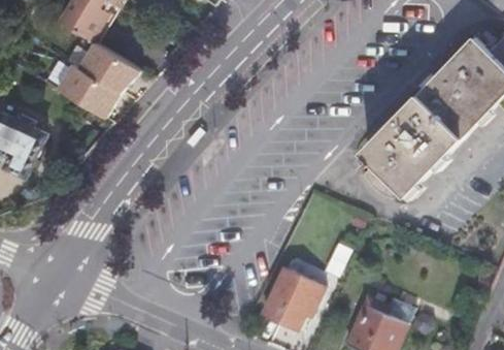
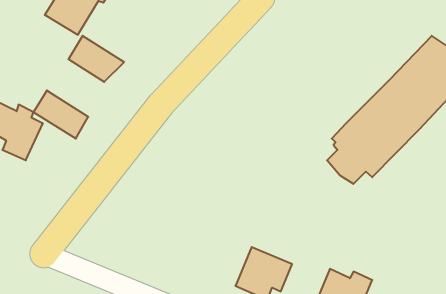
building: [59,62,119,115] -> [34,90,88,139]

